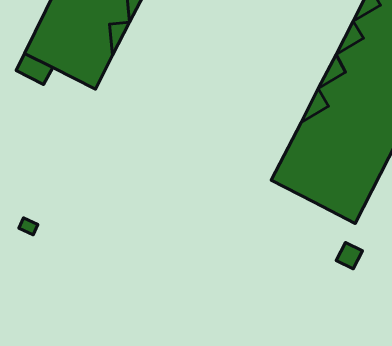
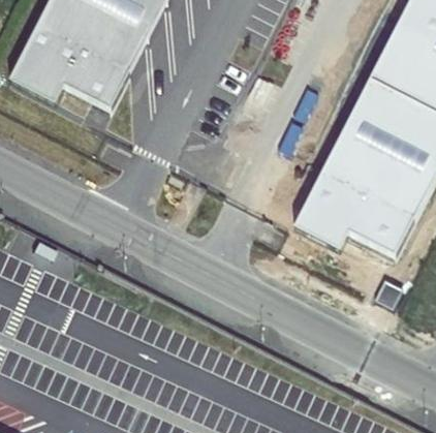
building: none -> [292,209,348,251]

